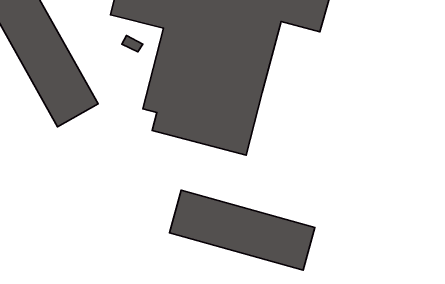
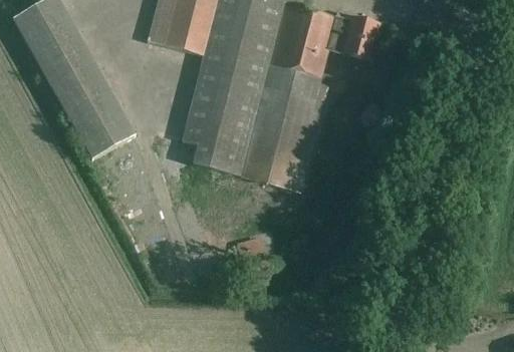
building: [169,190,315,270] -> none

